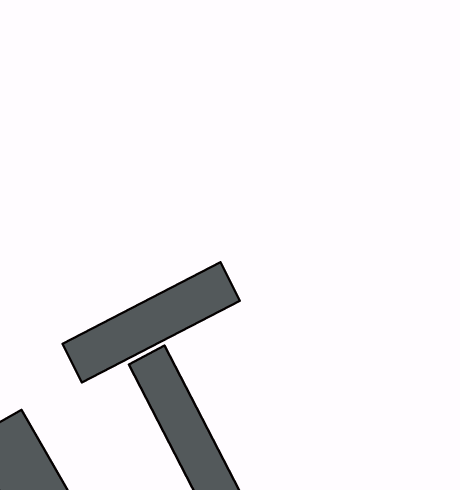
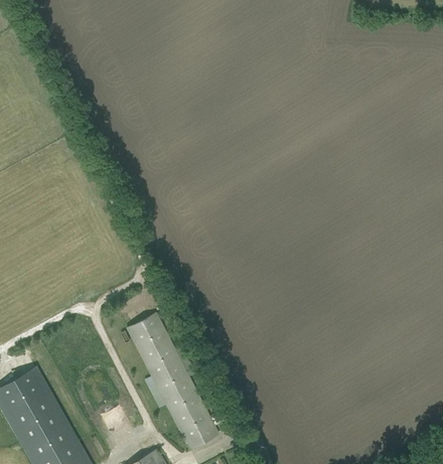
building: [63,262,240,382] -> none

